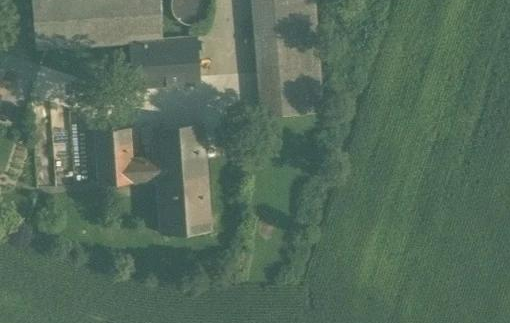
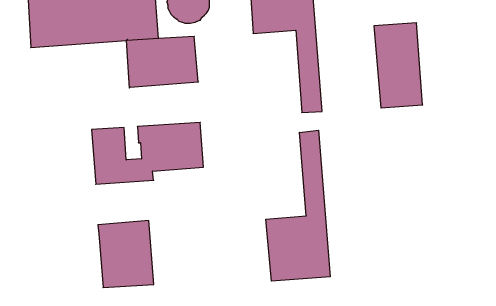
building: [254,32,302,116] -> [374,23,423,108]
building: none -> [266,130,330,281]
building: [155,167,210,233] -> [98,221,154,288]

